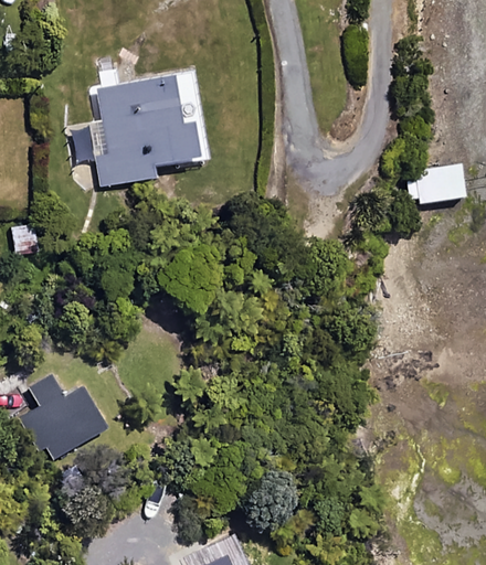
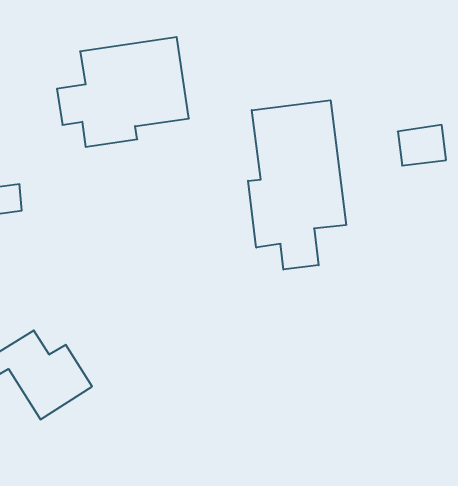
building: none -> [248,100,346,270]

